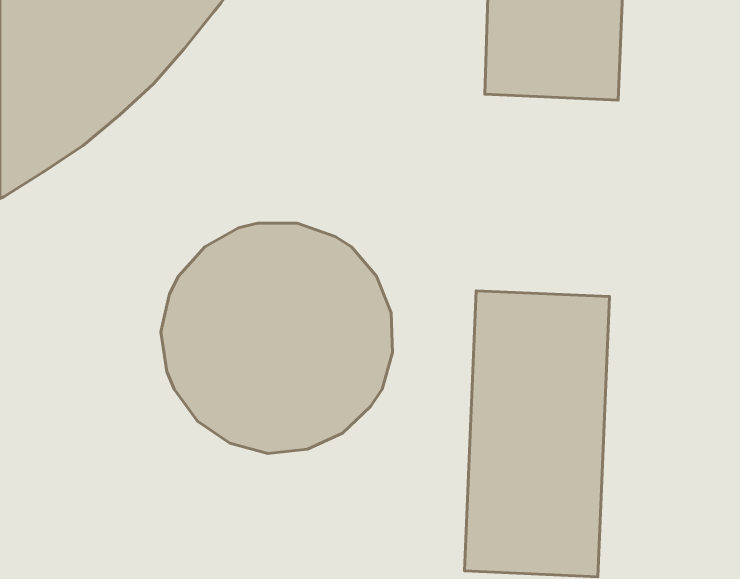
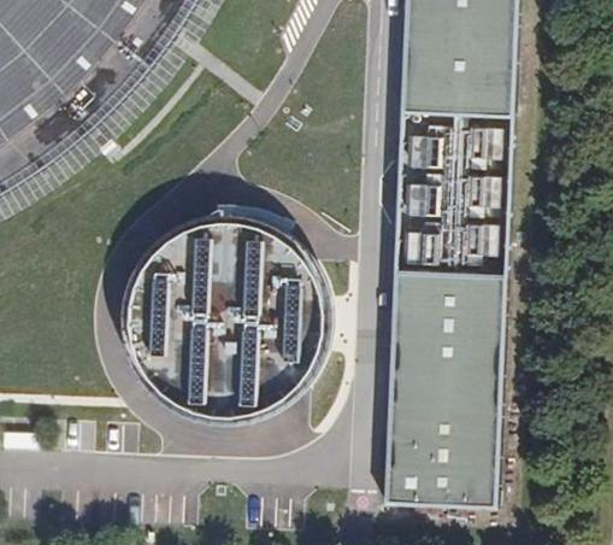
building: none -> [394,107,511,274]

